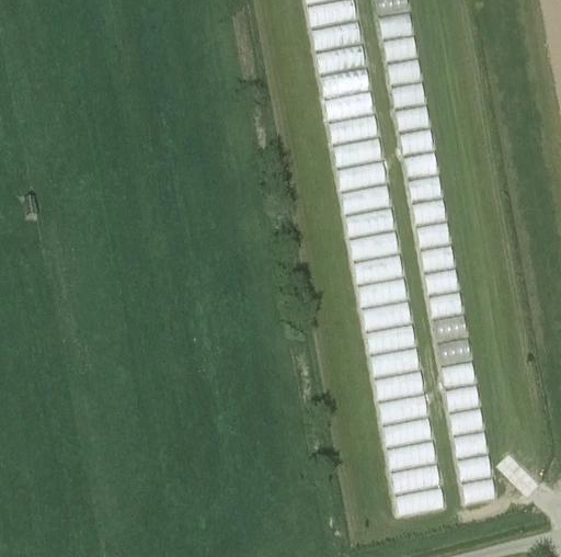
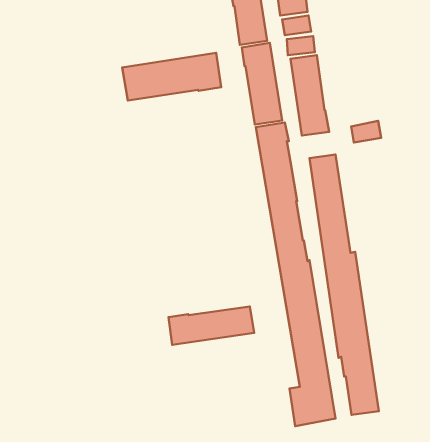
building: none -> [122,53,221,100]
building: [404,172,439,197] -> [351,121,381,143]
building: none -> [168,306,254,345]

